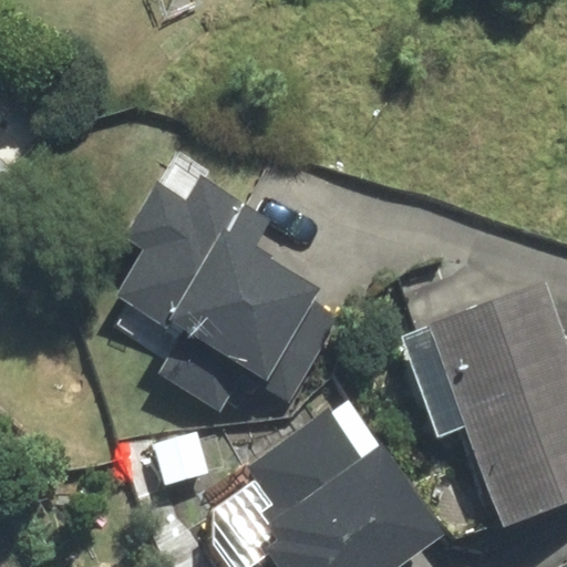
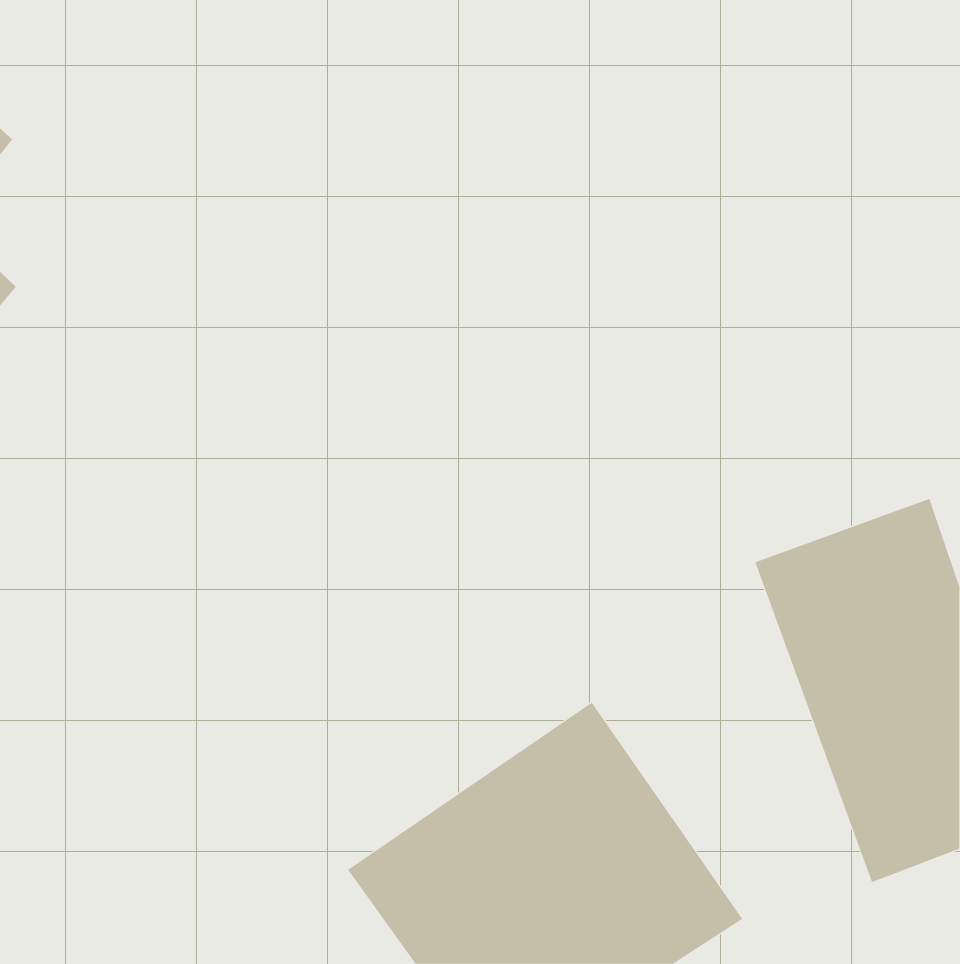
building: [114,203,318,392] -> none

